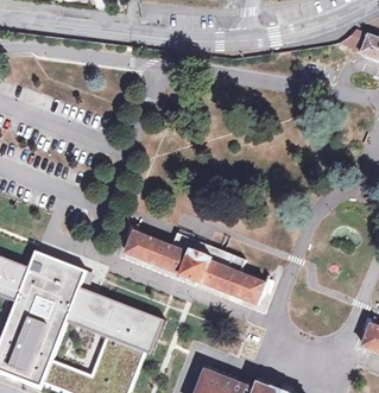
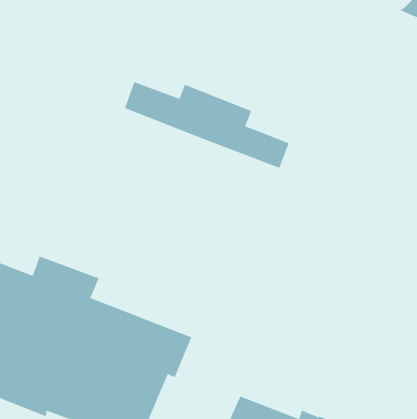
building: [127,232,267,305] -> [124,81,290,168]

